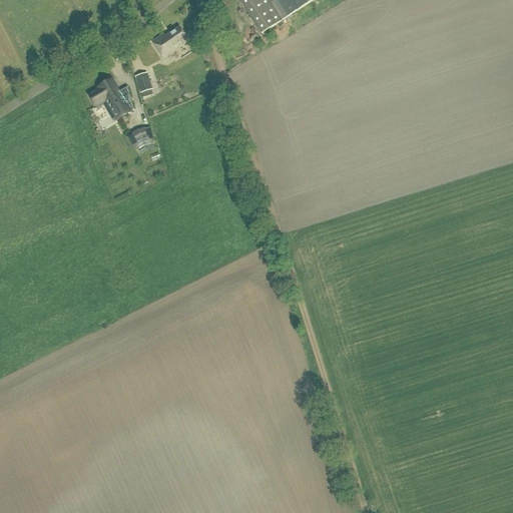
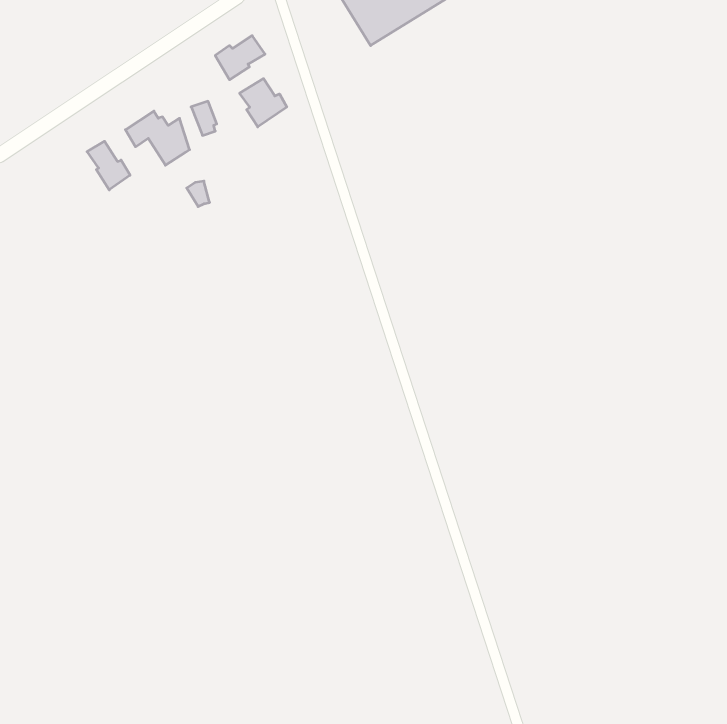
building: none -> [240,79,287,127]
building: none -> [87,141,130,190]

